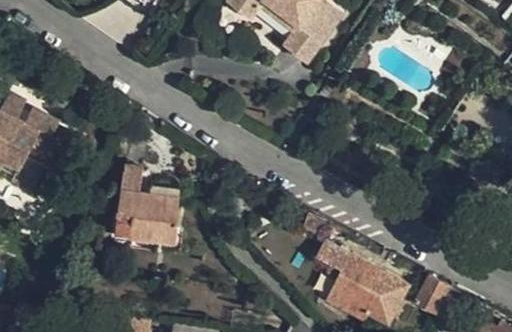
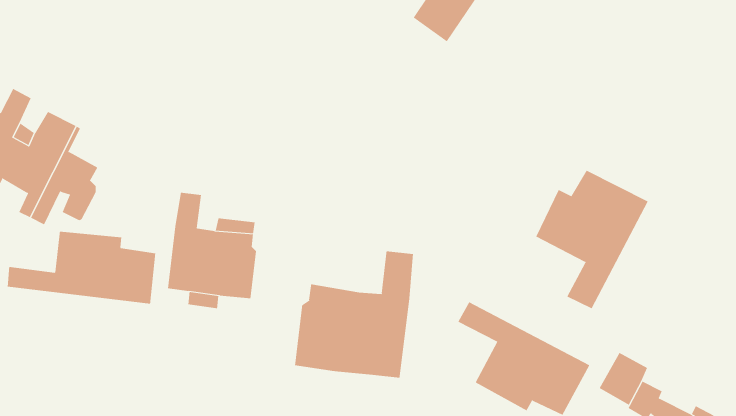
building: none -> [536,170,648,309]
building: none -> [7,231,156,305]
building: none -> [295,251,413,379]

